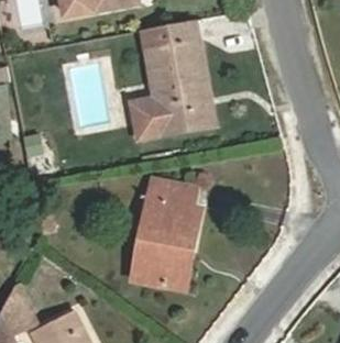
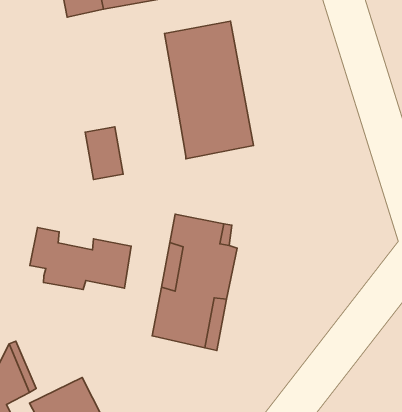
building: [128,95,158,137] -> [85,127,123,180]
building: none -> [30,228,131,290]

